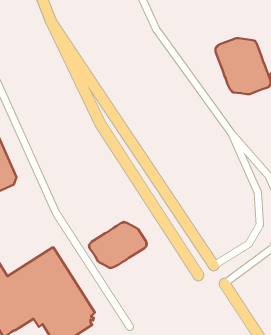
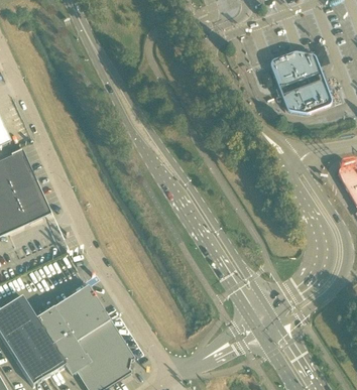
building: [89,222,147,268] -> none

